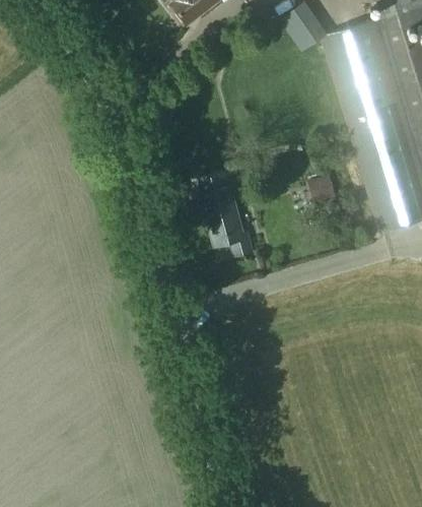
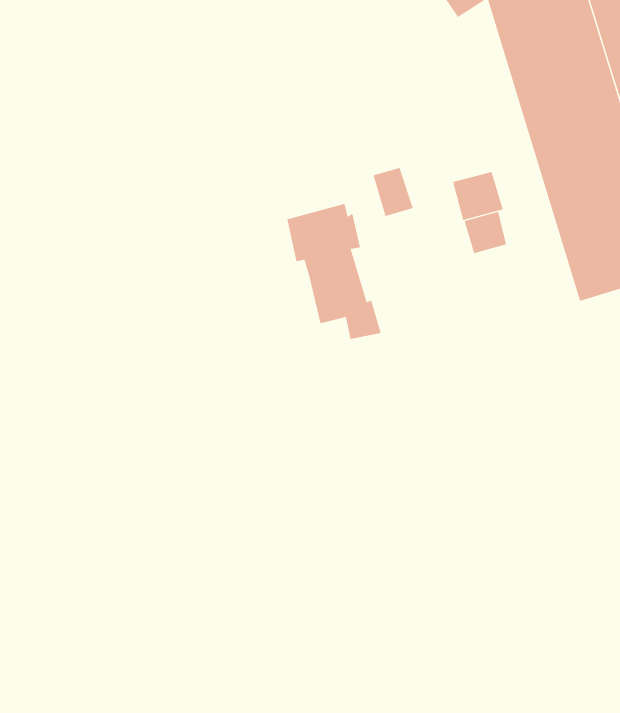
building: none -> [373,167,413,217]
building: none -> [453,171,504,221]

